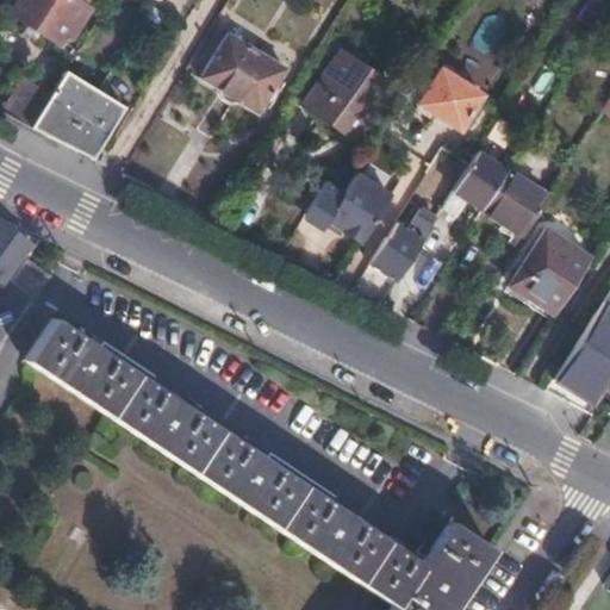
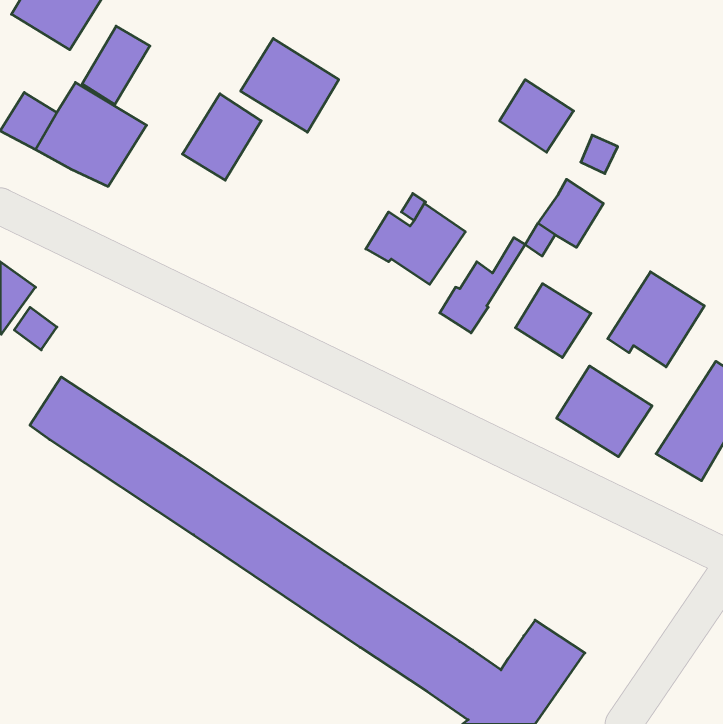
building: none -> [82,26,150,104]
building: [305,49,394,137] -> none
building: none -> [182,94,261,180]
building: [486,170,549,232] -> [515,284,591,358]
building: none -> [557,366,652,457]

